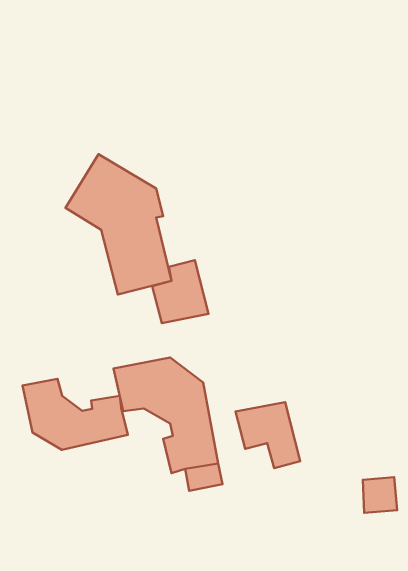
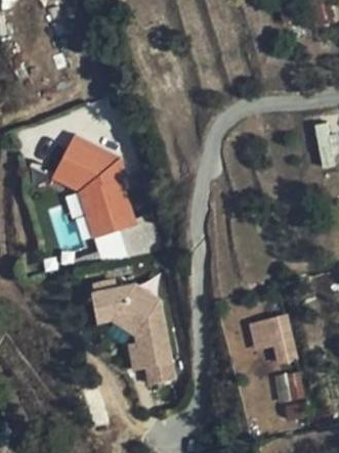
building: [22,379,128,450] -> none
building: [236,402,300,468] -> [251,314,299,363]

